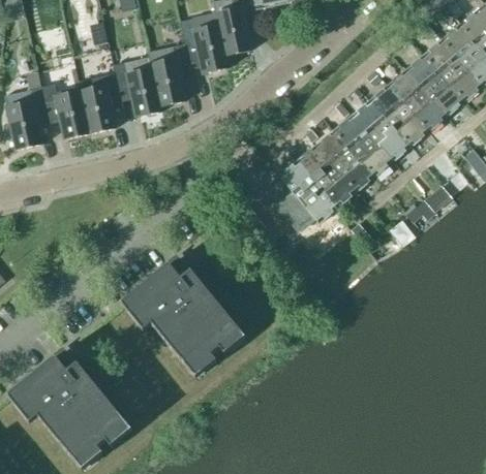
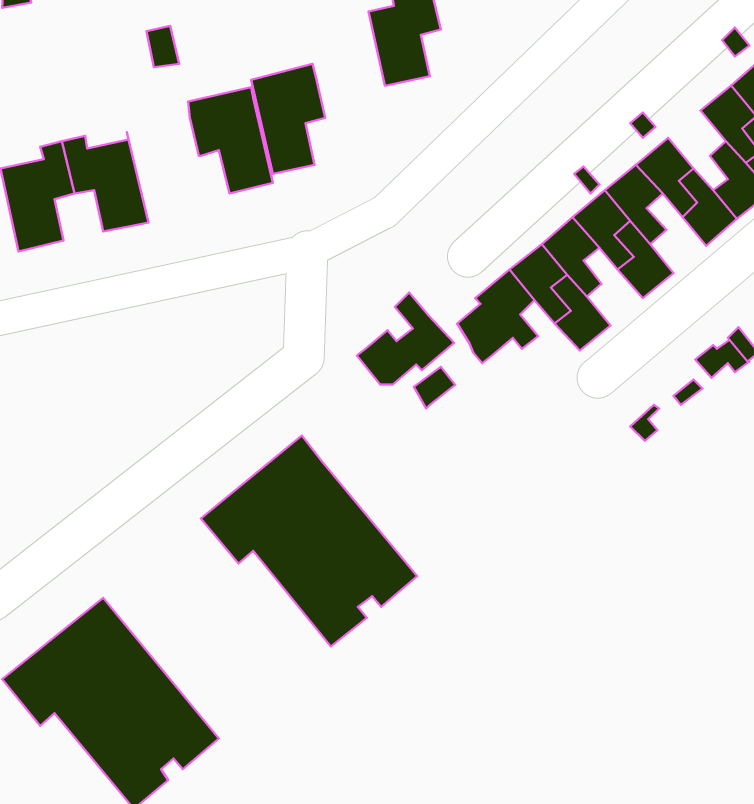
building: [181,11,230,71] -> none
building: [389,68,423,114] -> none
building: [79,72,122,132] -> none
building: [376,116,411,161] -> none
building: [340,147,374,191] -> none
building: [282,177,338,229] -> [357,292,454,384]

